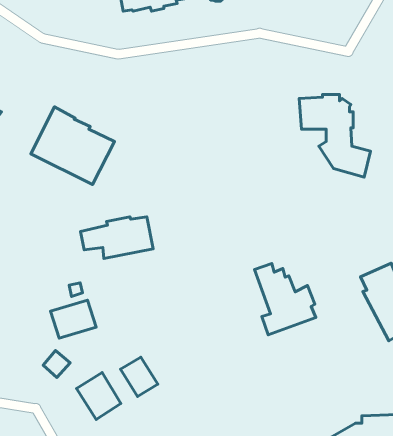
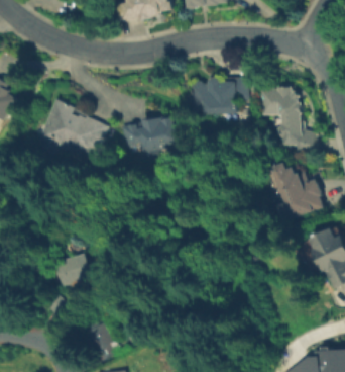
building: none -> [190,76,247,113]
building: [81,217,153,259] -> [119,116,179,151]
building: [254,264,316,335] -> [270,161,321,219]
building: [121,357,158,396] -> none

